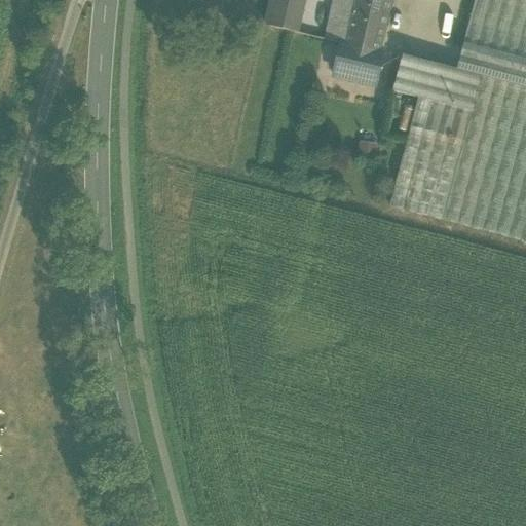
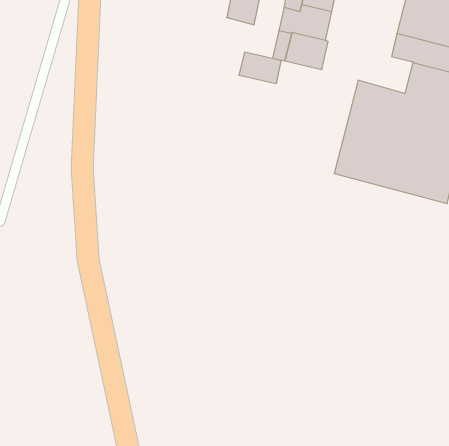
building: [393,51,483,109] -> none
building: none -> [239,52,281,84]

